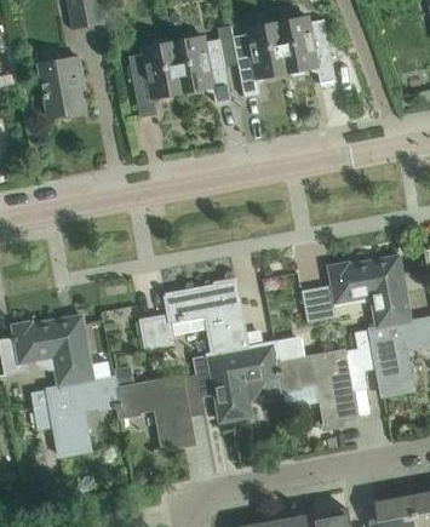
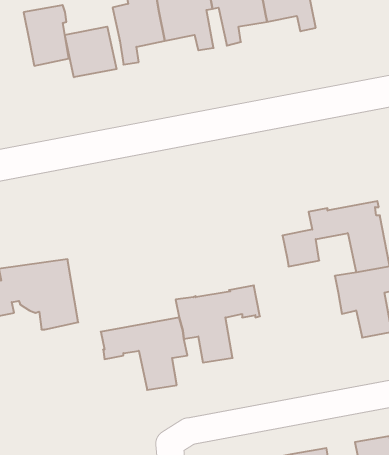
building: none -> [65,27,117,77]
building: [139,282,247,354] -> none
building: [275,338,367,423] -> none
building: [30,376,120,456] -> none

